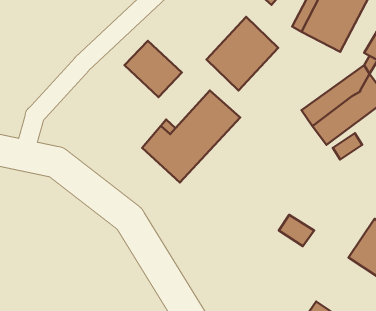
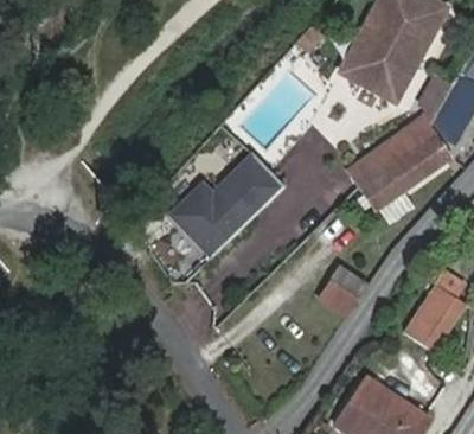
building: [206,17,278,90] -> none
building: [125,41,182,97] -> none

